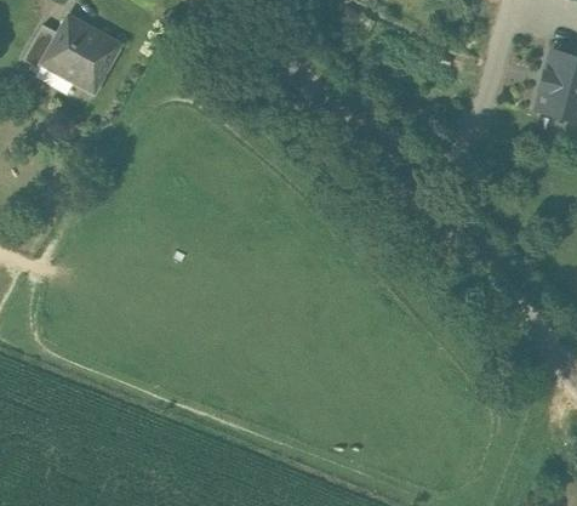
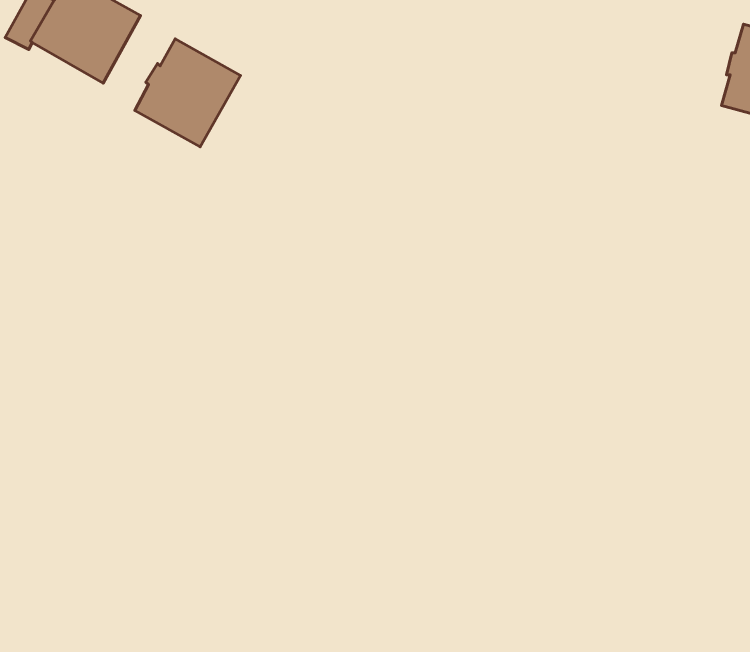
building: none -> [135,39,241,147]

